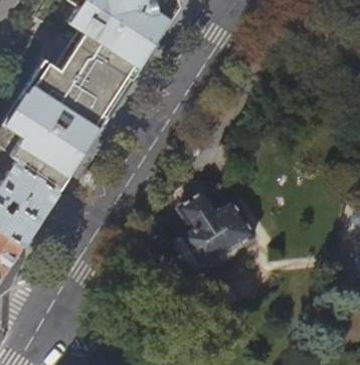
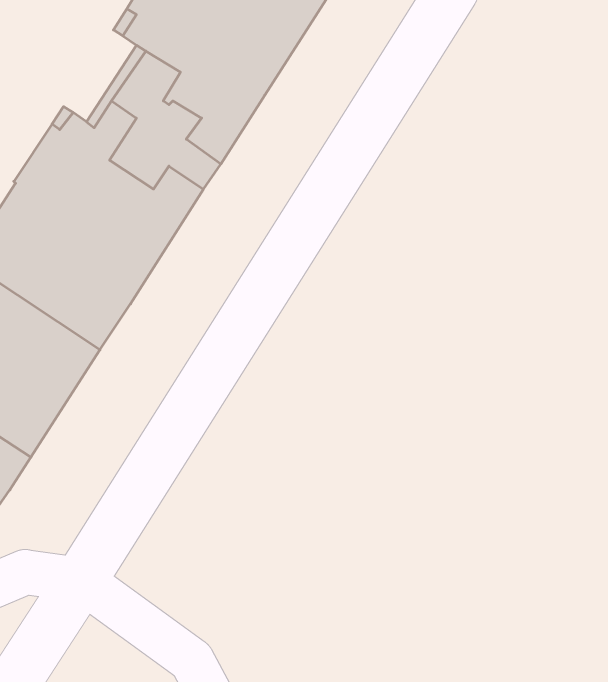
building: [174,191,255,272] -> none

